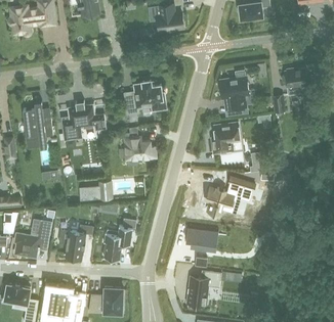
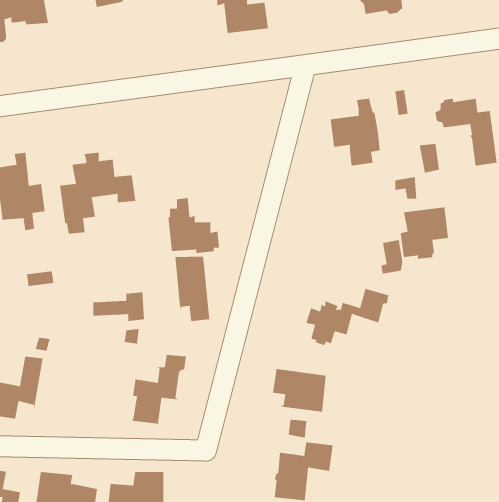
building: [125,80,165,112] -> none
building: [211,122,240,152] -> [400,207,449,259]
building: none -> [175,256,210,322]
building: [65,223,93,258] -> none

